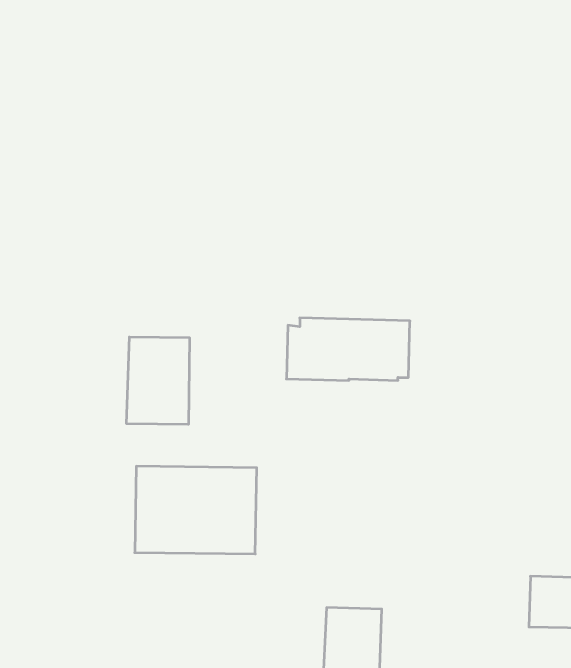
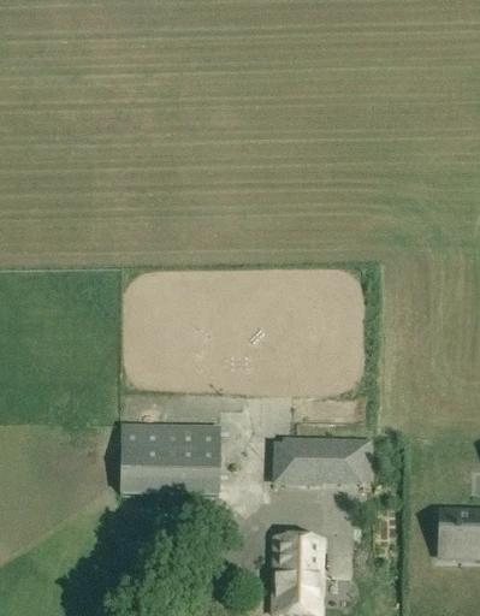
building: [286,318,410,380] -> [272,437,372,487]
building: [127,337,189,424] -> none

